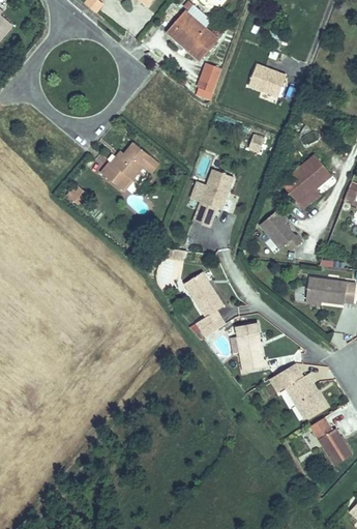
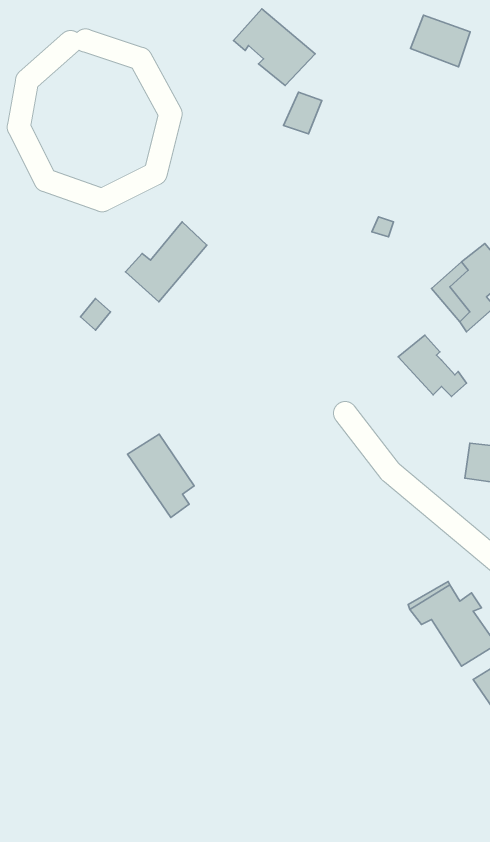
building: [244,66,281,98] -> [410,15,470,67]
building: [197,172,232,219] -> none
building: [184,275,226,327] -> [127,434,194,517]
building: [238,321,269,372] -> none

